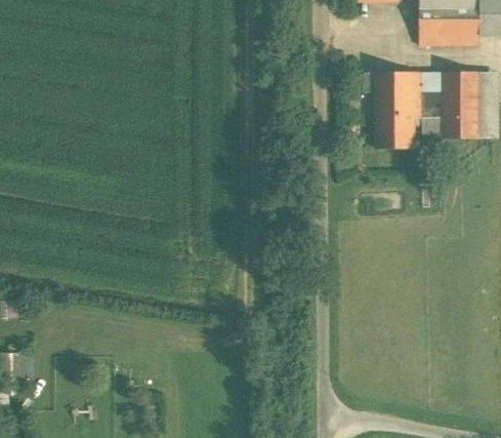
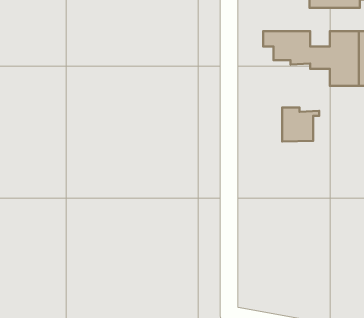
building: [377,107,421,148] -> [282,107,319,142]

